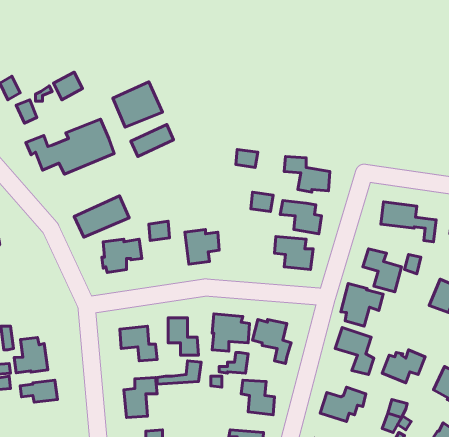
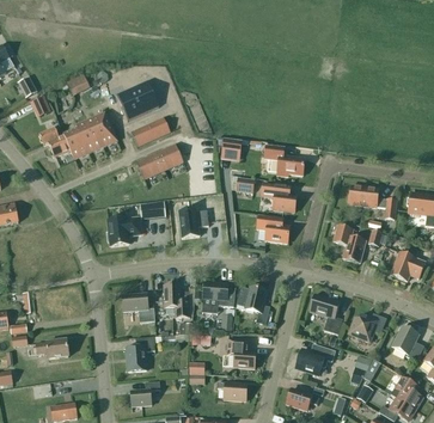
building: [74,196,129,237] -> [135,143,183,179]
building: [341,283,383,326] -> none
building: [14,337,48,373] -> none

